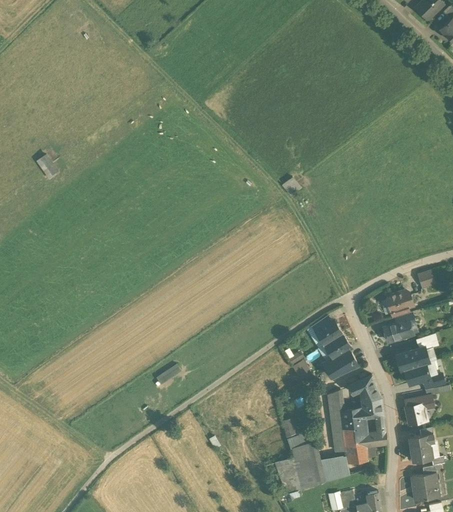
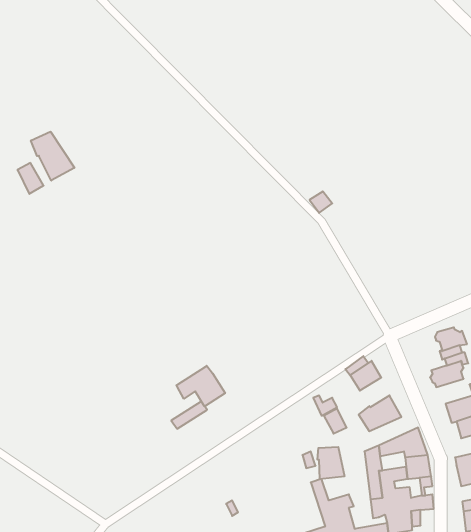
building: none -> [31,132,74,181]
building: none -> [176,366,225,406]
building: [323,333,350,358] -> none
building: none -> [317,447,344,479]

